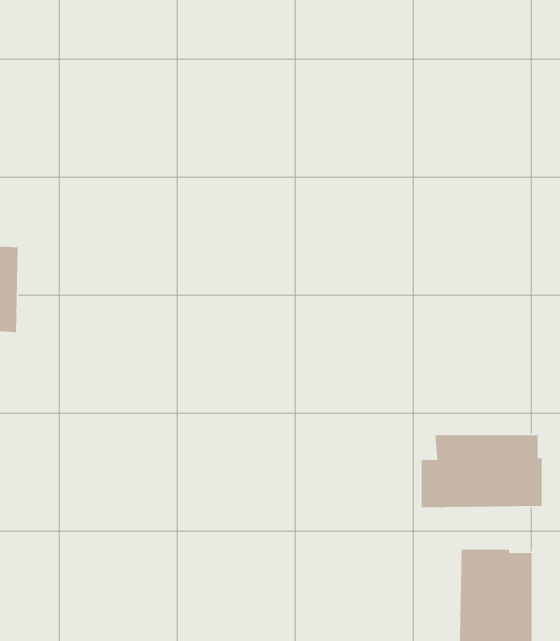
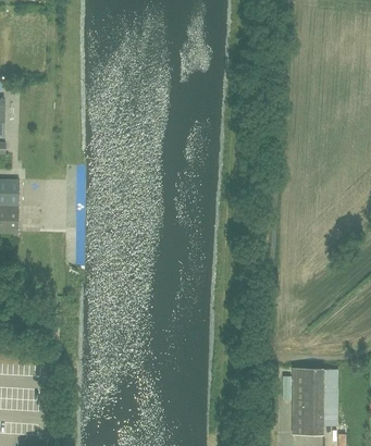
building: [421,435,543,508] -> none

